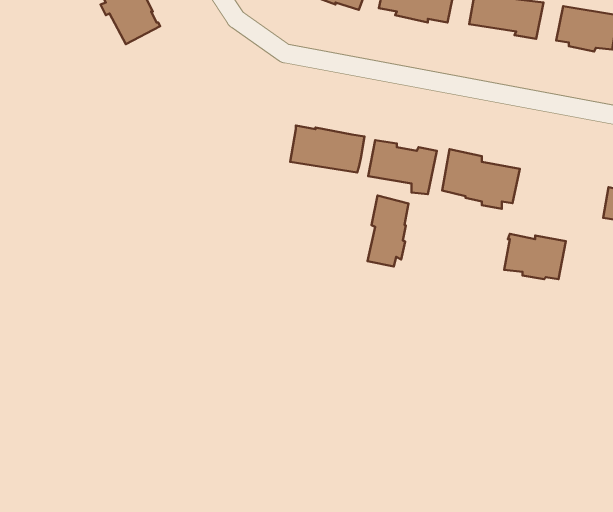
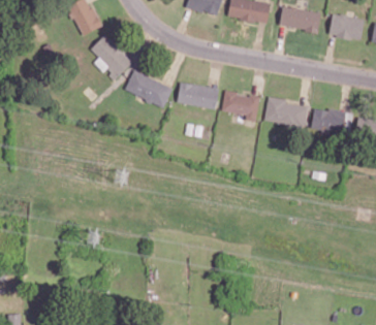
building: none -> [91,35,131,80]
building: none -> [125,70,173,108]
building: [368,195,409,267] -> none
building: [504,234,566,279] -> [311,108,346,134]

